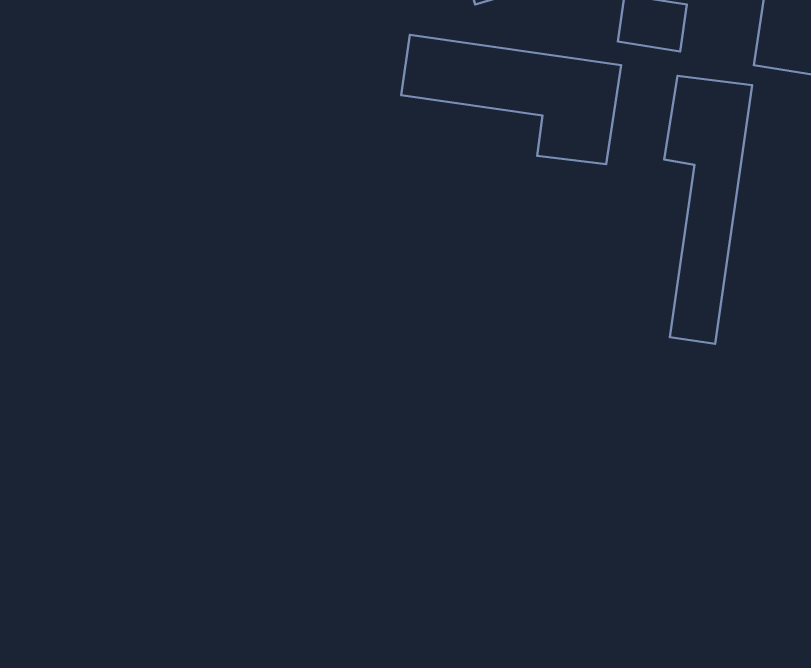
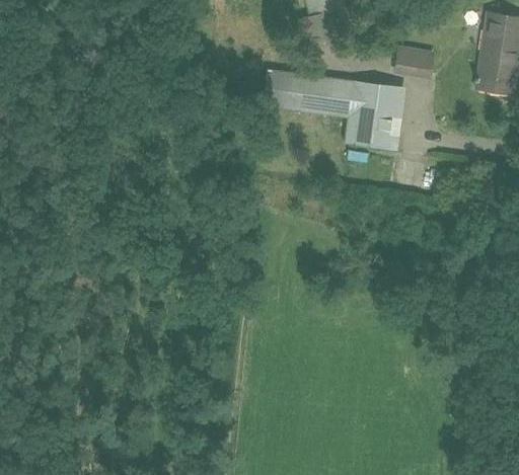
building: [664,76,752,344] -> none

